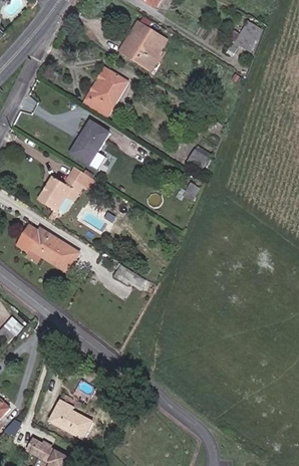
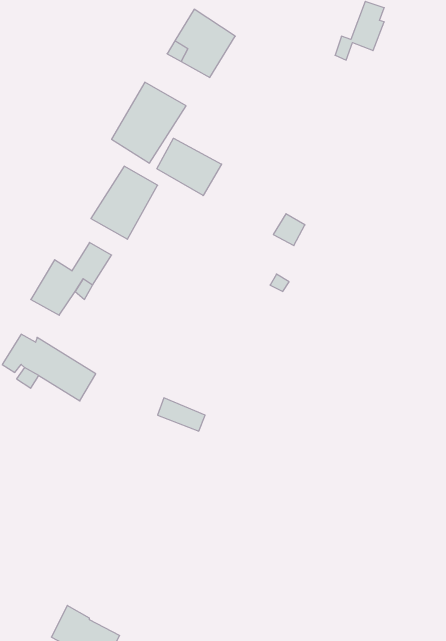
building: none -> [157,138,222,196]

